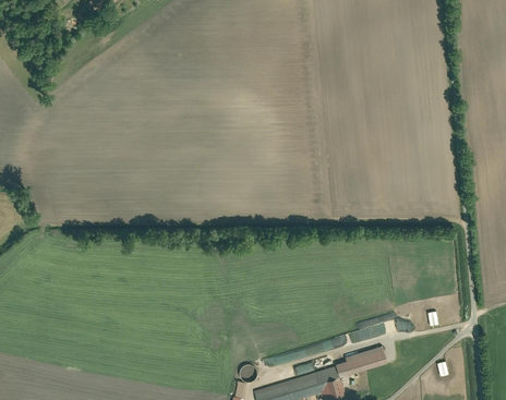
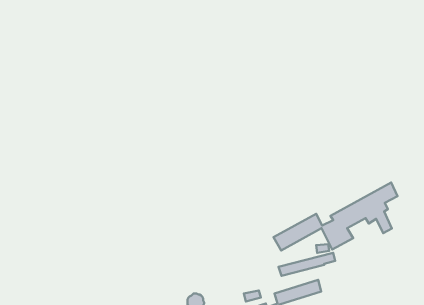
building: none -> [274,183,397,251]

